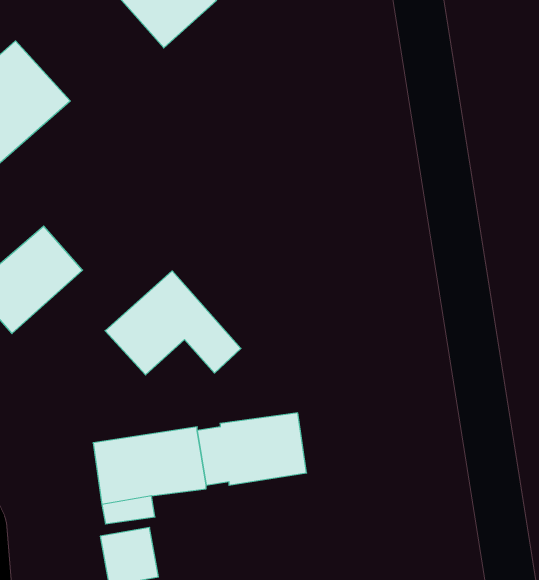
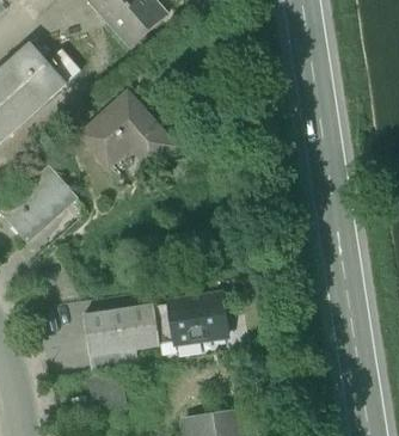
building: [105,271,241,375] -> [81,93,173,164]

